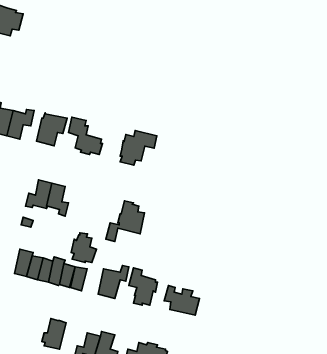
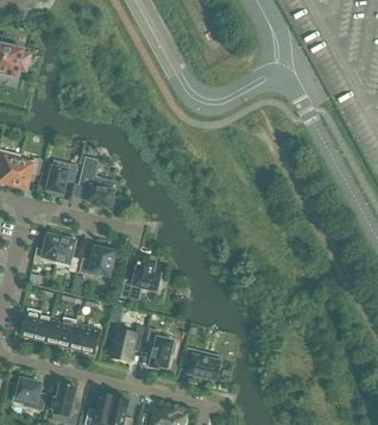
building: [120,130,157,165] -> none
building: [71,233,96,262] -> [88,245,115,277]
building: none -> [12,376,45,410]

